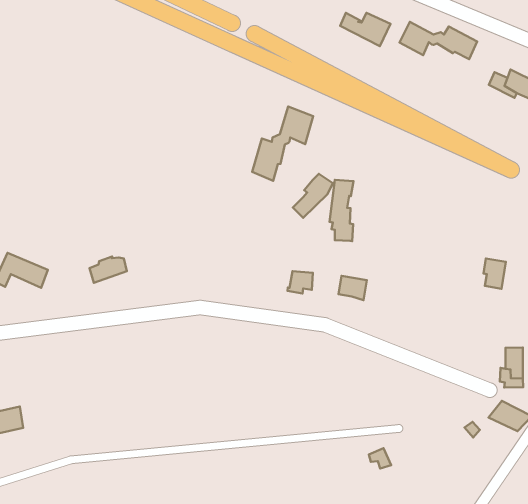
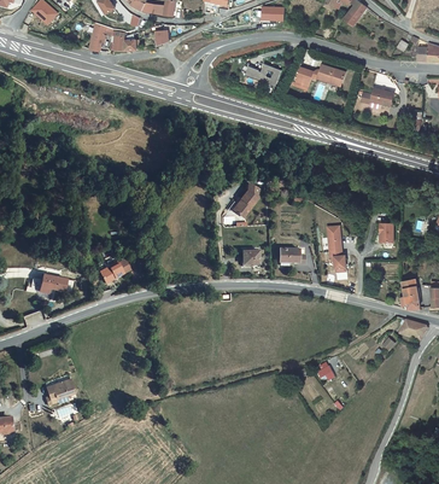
building: [252,106,313,181] -> none
building: [329,180,353,241] -> [324,224,344,268]

